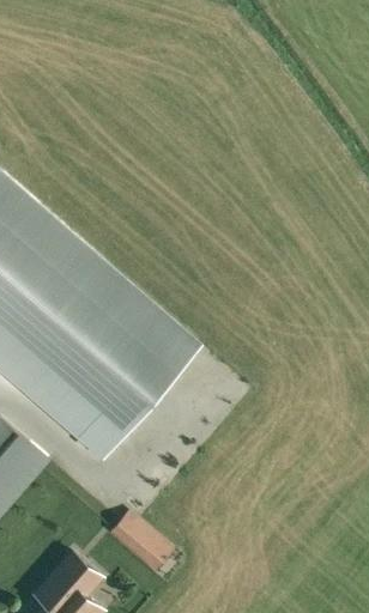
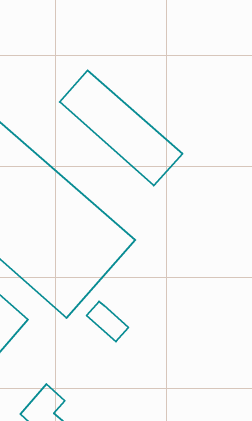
building: none -> [60,70,182,186]
building: [111,514,171,571] -> [87,301,128,342]

